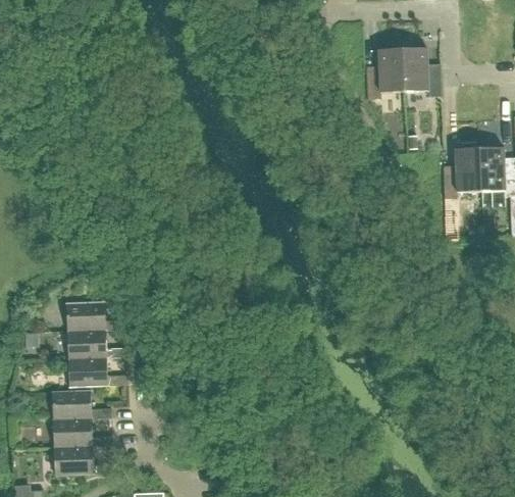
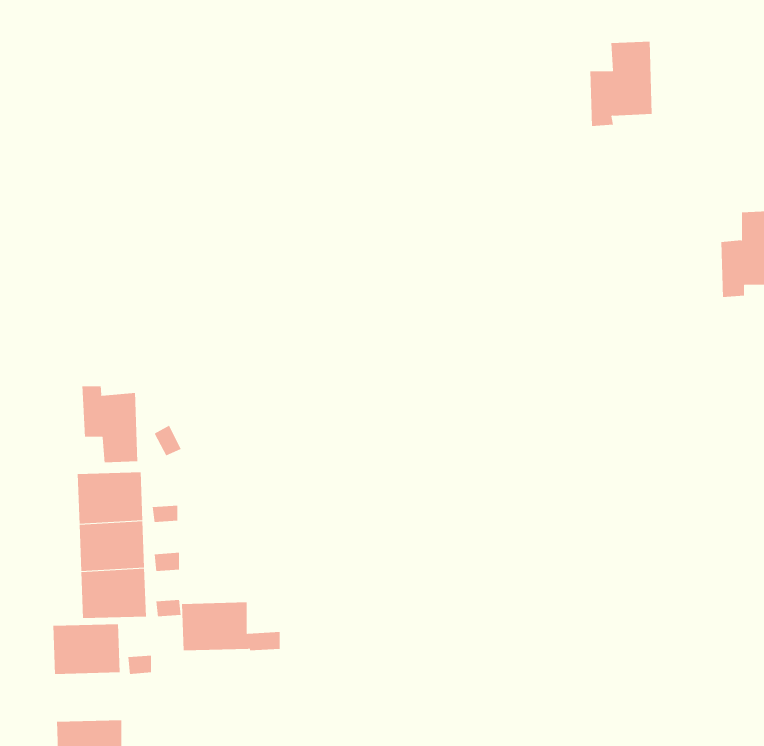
building: [402,47,441,96] -> none
building: none -> [82,385,138,463]
building: [53,417,111,446] -> [181,602,281,651]

